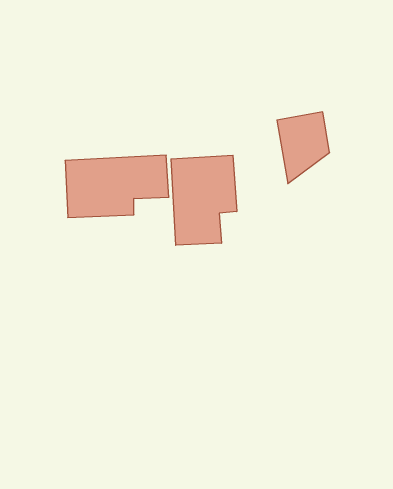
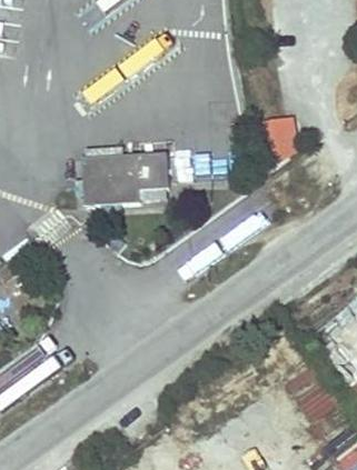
building: [171,155,237,245] -> none

